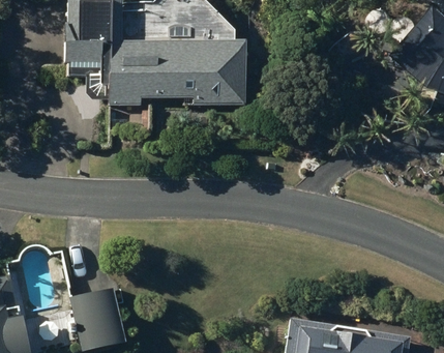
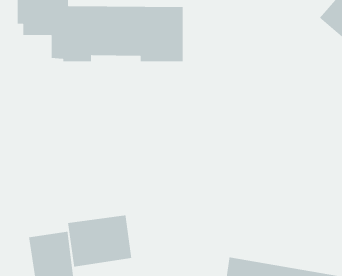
building: none -> [67,215,132,267]

